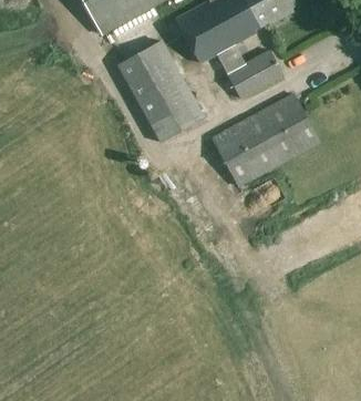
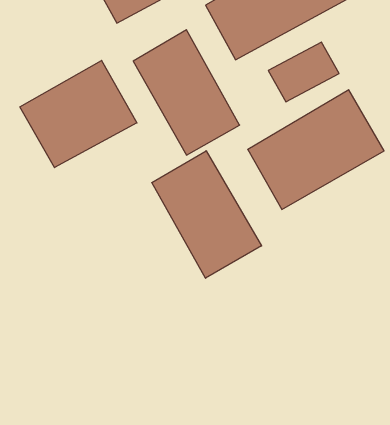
building: none -> [20,60,137,168]
building: none -> [152,151,262,278]

